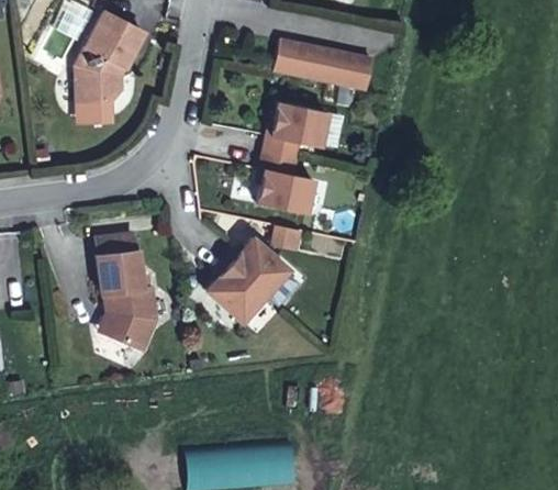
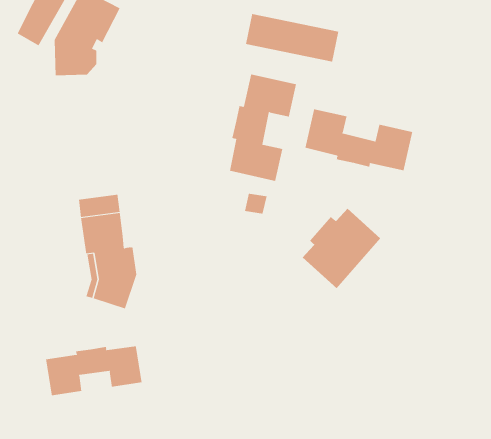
building: none -> [305,108,413,171]
building: [205,238,288,323] -> [302,208,381,289]
building: none -> [46,346,142,396]

